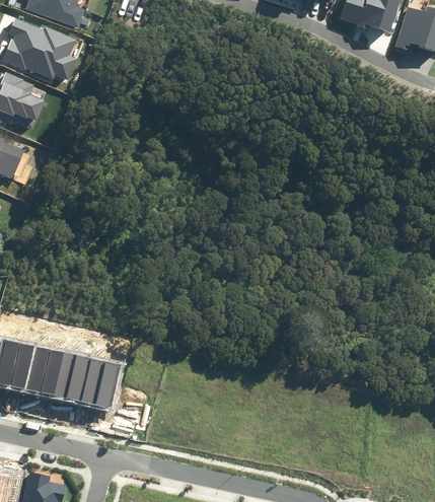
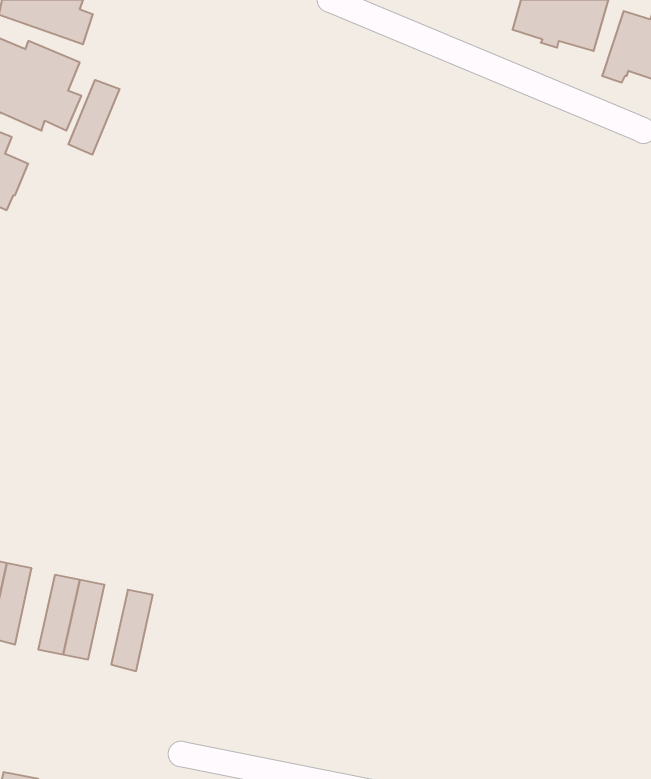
building: none -> [68,80,120,155]
building: [35,348,60,398] -> none
building: [80,358,104,407] -> none

